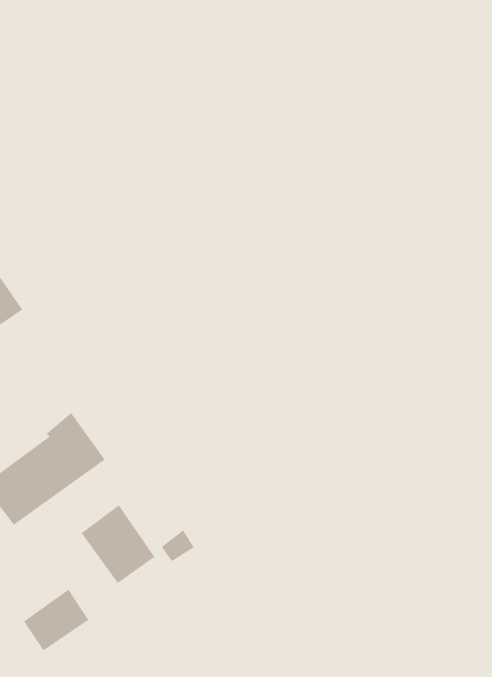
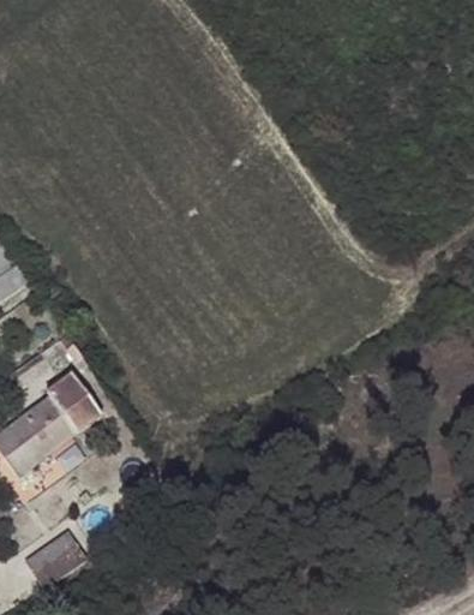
building: [81,505,155,584] -> none

